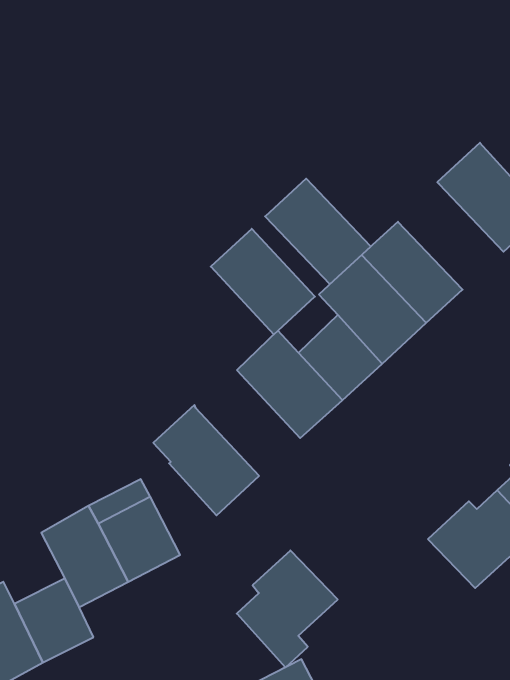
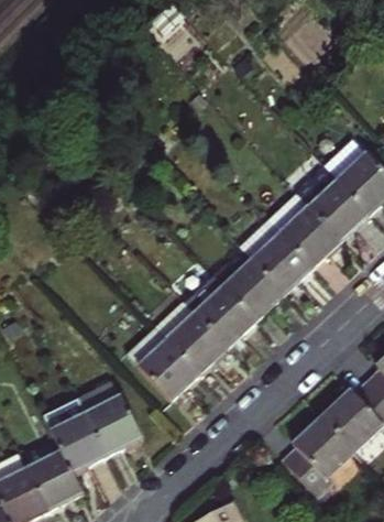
building: [265,179,371,284] -> [296,172,370,246]
building: [211,229,315,335] -> [155,302,228,376]
building: [237,550,338,667] -> [279,420,350,501]

